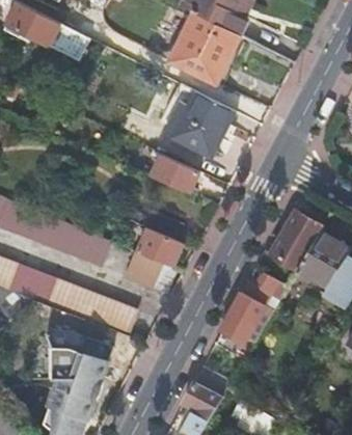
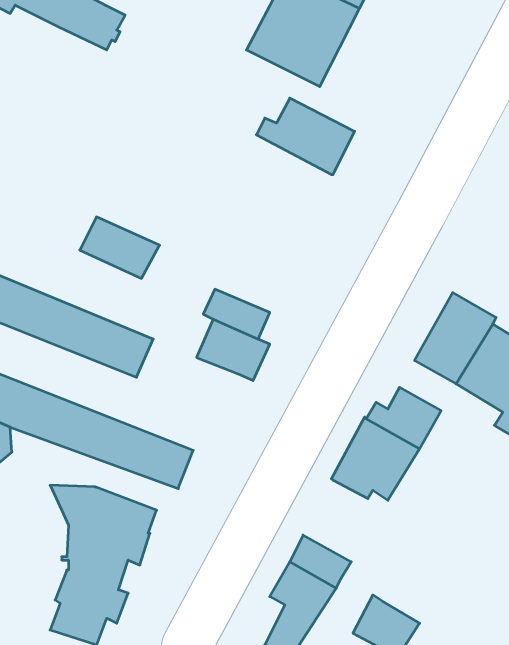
building: [163,113,220,157] -> none
building: [151,155,200,193] -> [80,217,160,278]
building: [123,251,162,287] -> none

